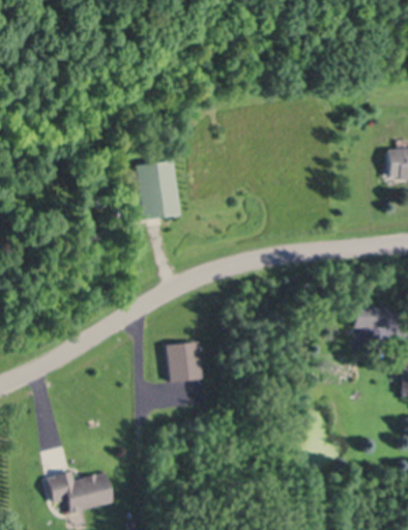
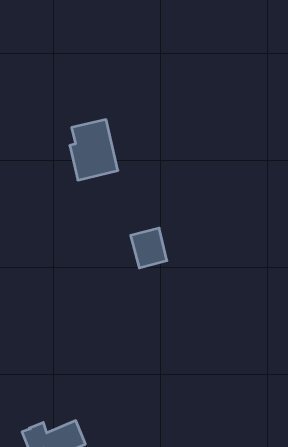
building: [166,343,201,382] -> [131,228,167,268]

